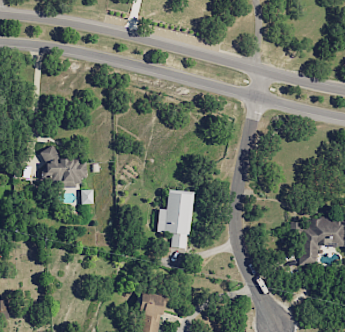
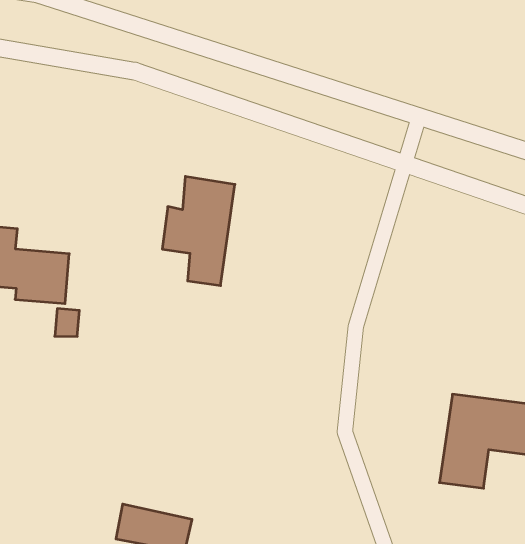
building: [156,190,192,247] -> [162,176,235,286]

